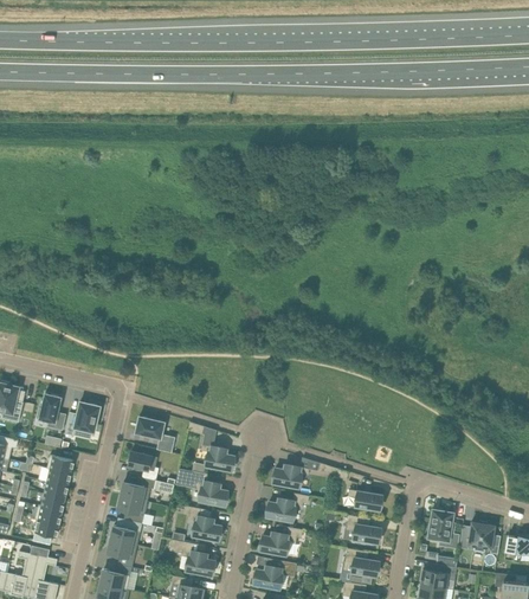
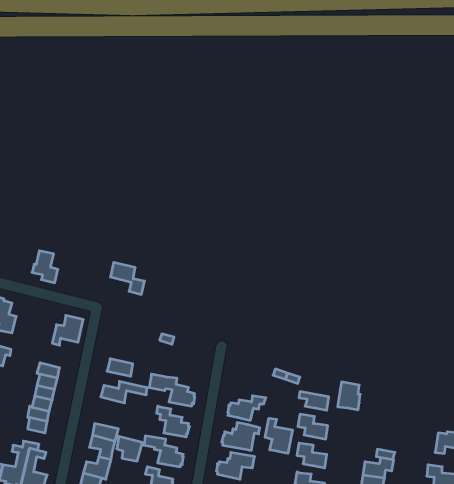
building: [36,393,65,430] -> [32,251,58,283]
building: [135,416,174,452] -> [110,262,145,294]
building: [200,444,234,471] -> none
building: [271,464,309,488] -> none
building: [117,495,147,523] -> [117,436,142,461]
building: [427,509,453,541] -> [338,382,360,410]
building: none -> [265,418,293,453]
building: [458,522,499,554] -> none

